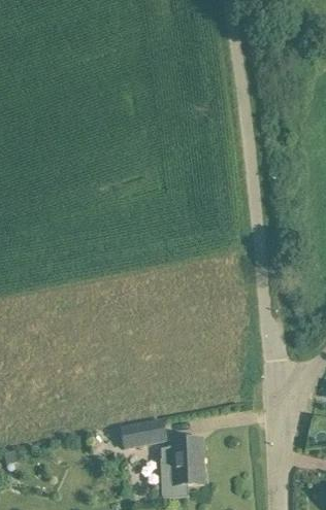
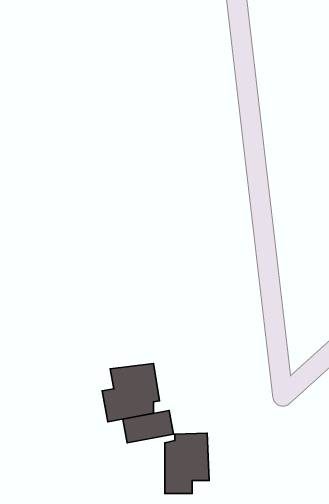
building: none -> [102,363,159,422]

